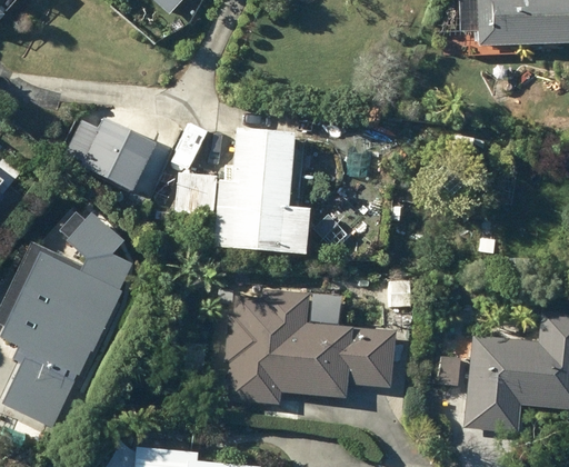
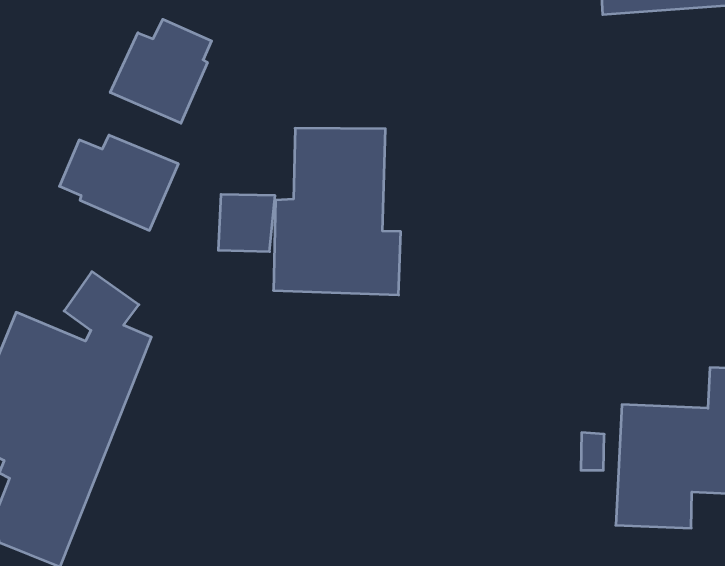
building: none -> [110,19,212,123]
building: [224,290,392,404] -> none

